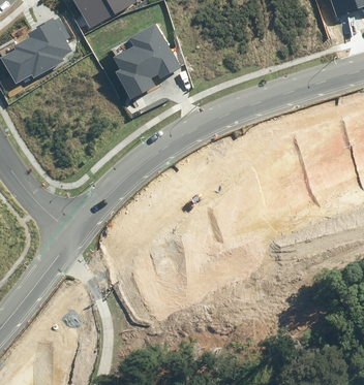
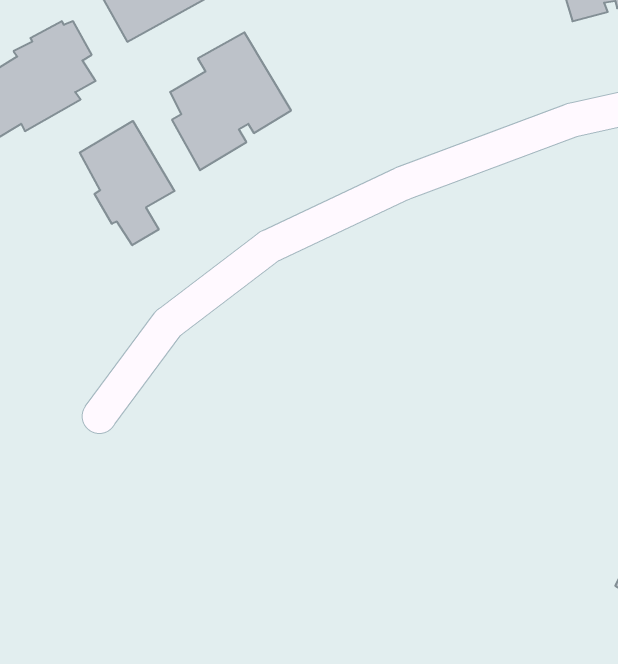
building: none -> [80,121,175,245]

